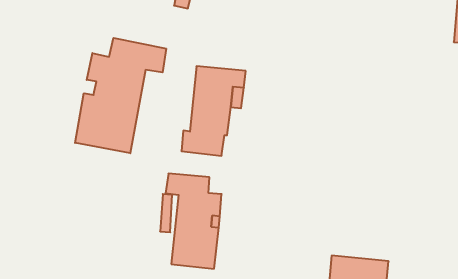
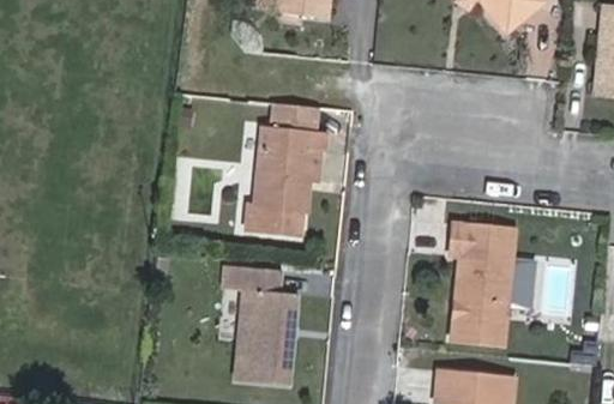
building: [75,38,166,153] -> none
building: none -> [451,221,514,342]

